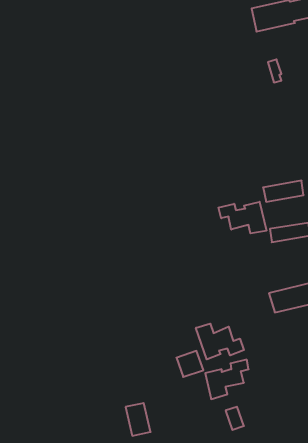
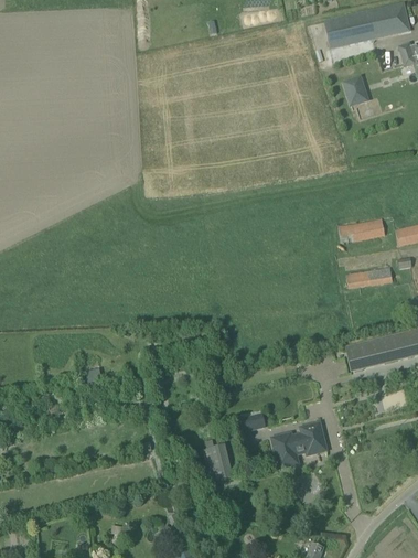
building: [218,202,266,233] -> none
building: [196,324,244,359] -> none
building: [126,403,151,436] -> [204,443,233,481]

